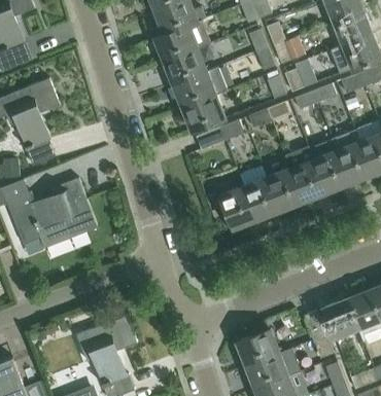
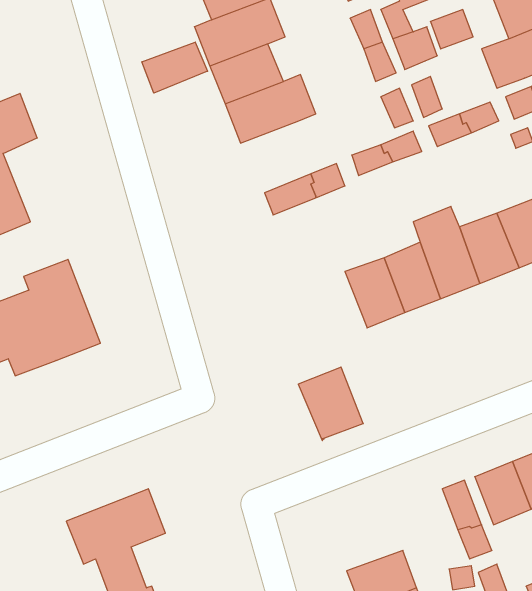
building: none -> [142,42,208,93]
building: [181,95,226,132] -> none
building: [218,185,257,229] -> [298,367,363,441]
building: [236,329,279,365] -> none

